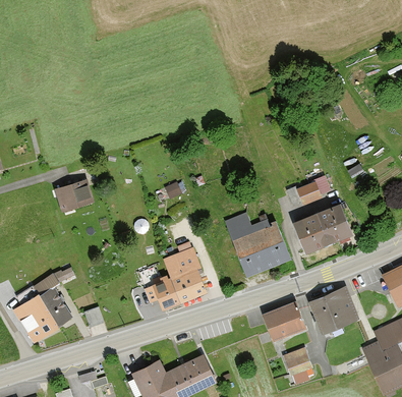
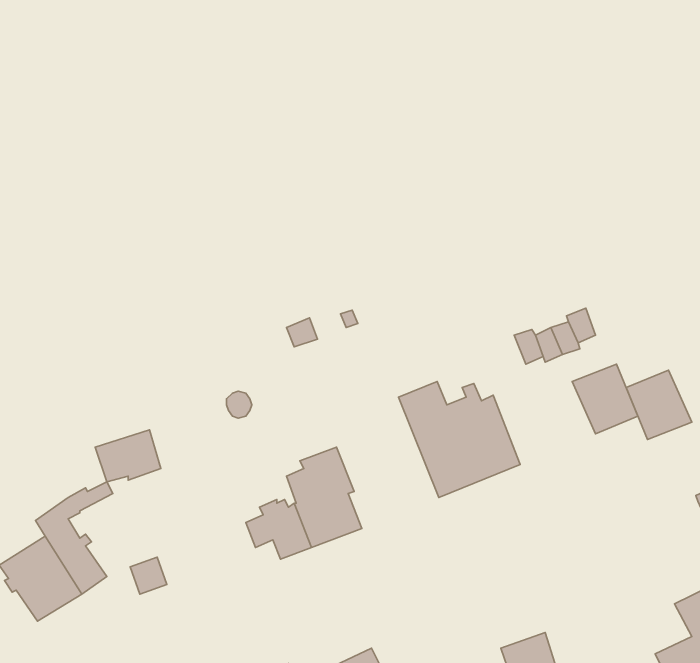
building: [57,180,92,208] -> [95,430,161,482]
building: [295,214,330,250] -> [626,370,692,440]
building: [303,291,353,331] -> none
building: [259,300,303,340] -> none

